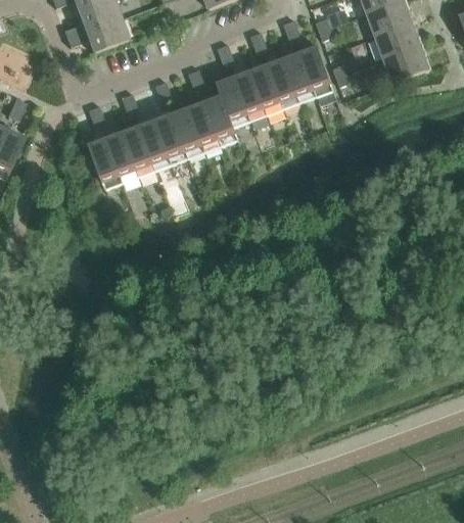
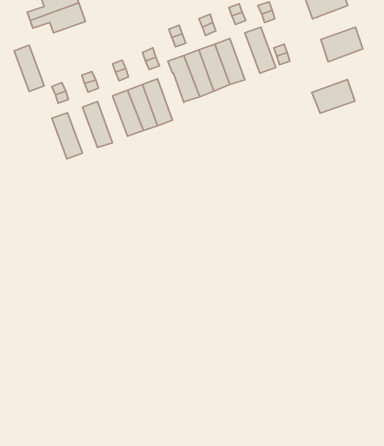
building: [373,20,420,57] -> [312,79,355,113]
building: [283,50,316,101] -> none
building: [204,94,239,145] -> none
building: [139,118,172,170] -> none
building: [106,131,139,181] -> [14,45,44,91]

